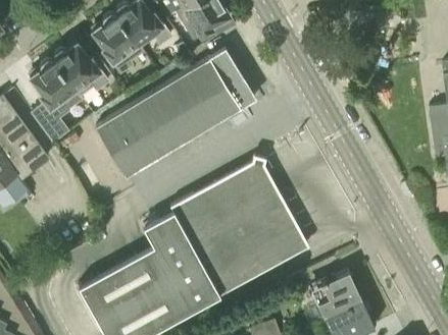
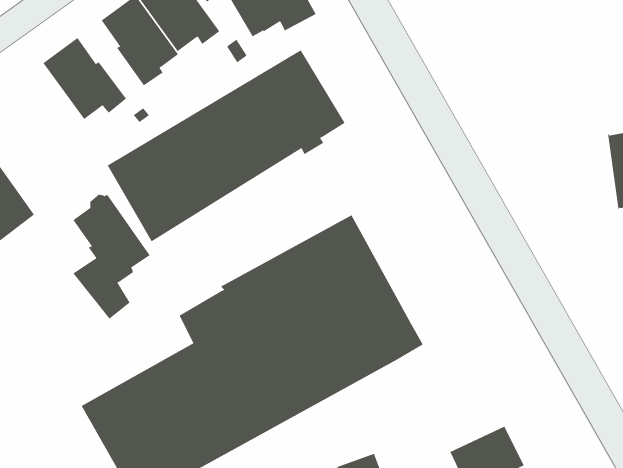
building: [30,59,82,143] -> [73,194,151,319]
building: [308,271,361,318] -> none

